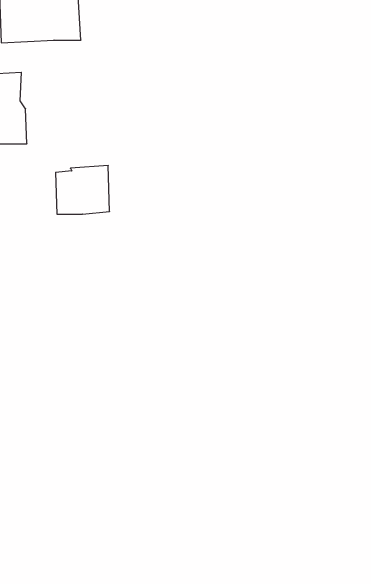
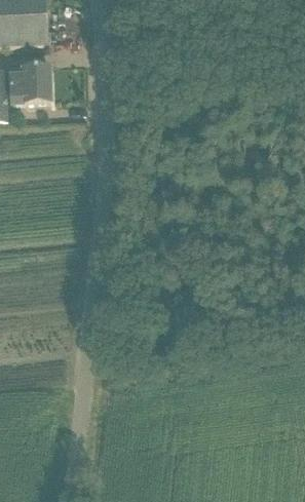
building: [56,166,110,214] -> [24,63,65,100]

